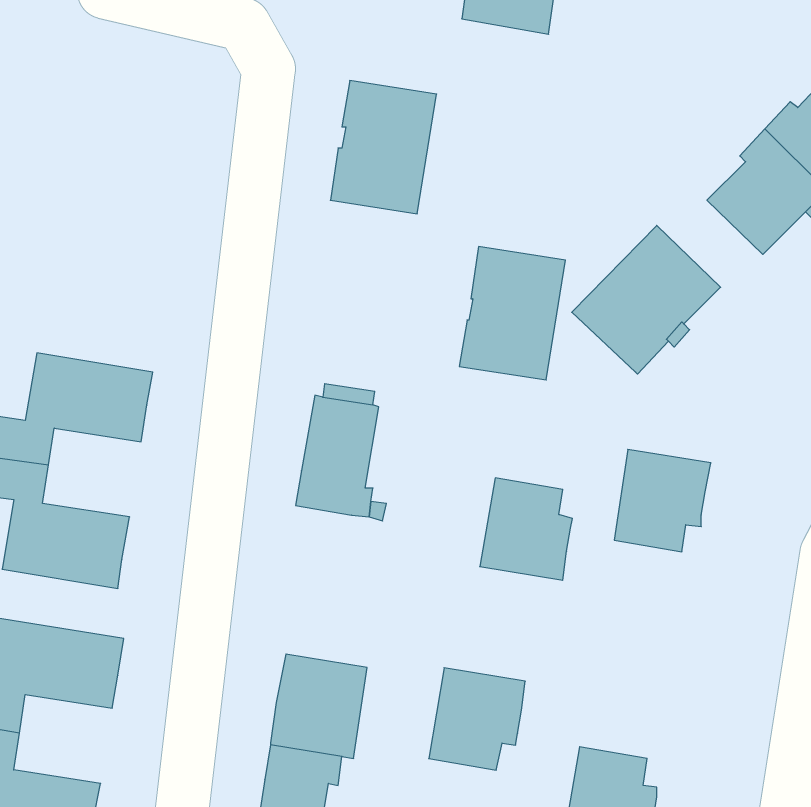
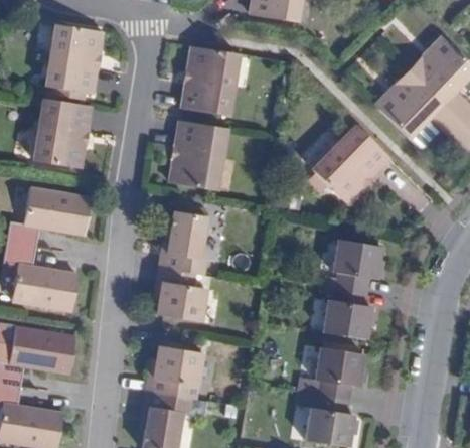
building: none -> [36,22,92,92]
building: none -> [24,97,80,166]
building: [459,247,565,380] -> [171,121,226,190]
building: [480,478,572,580] -> [323,286,371,339]
building: none -> [157,268,205,321]
building: [429,668,525,770] -> [313,346,363,400]

